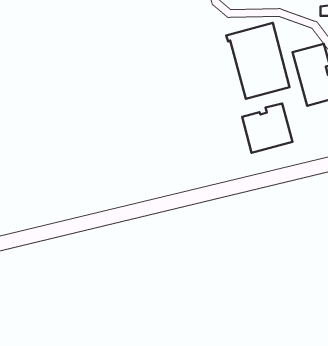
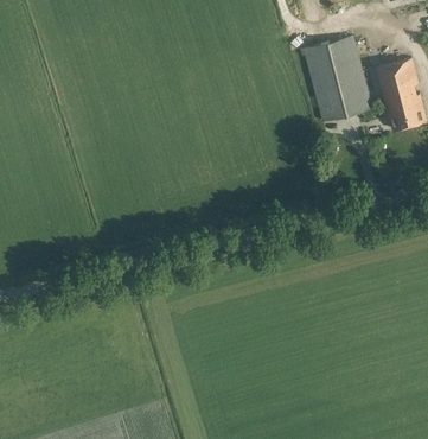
building: [242,104,292,153] -> none

